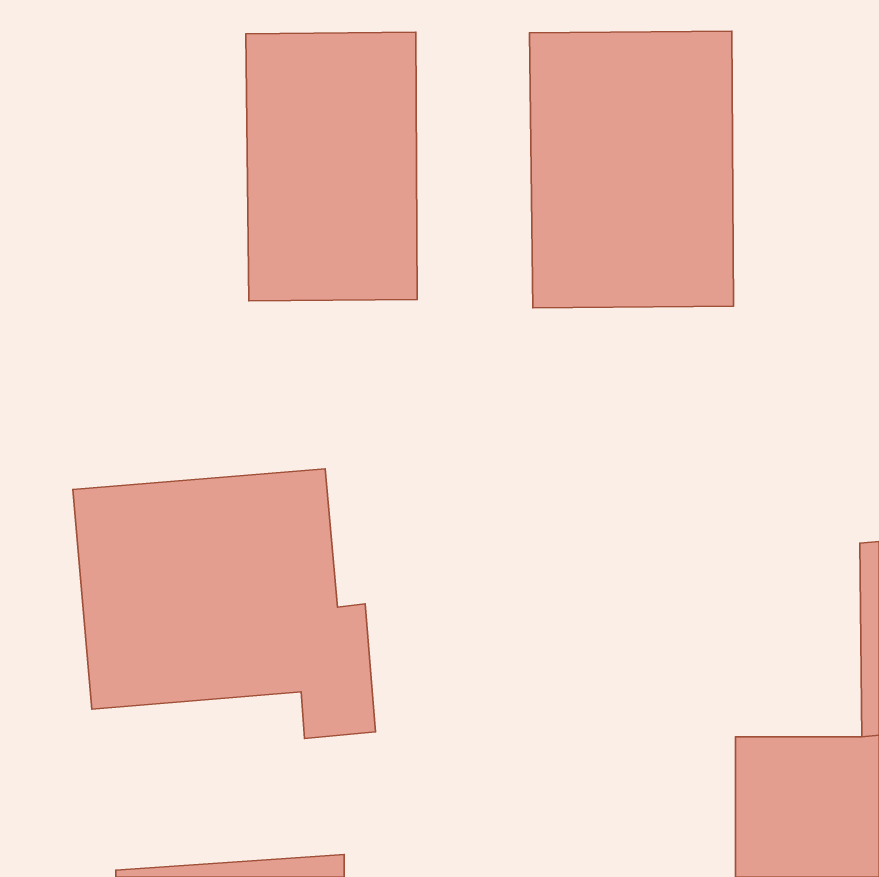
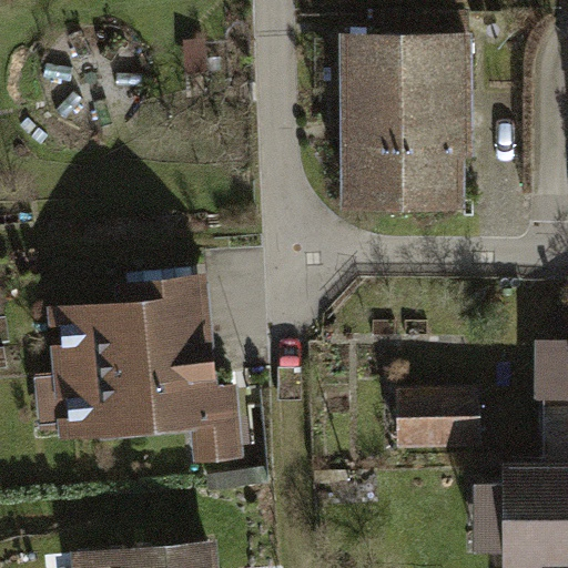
building: [246,32,417,301] -> none
building: none -> [397,377,479,443]

